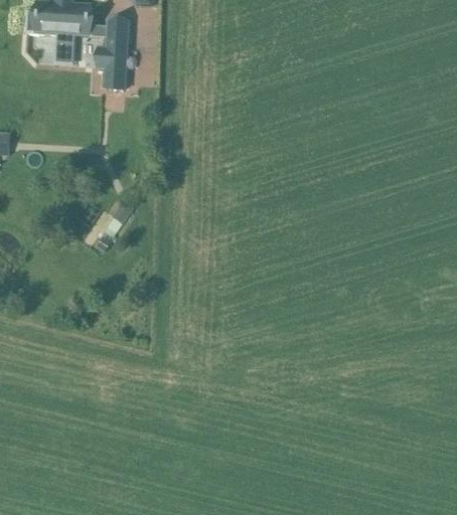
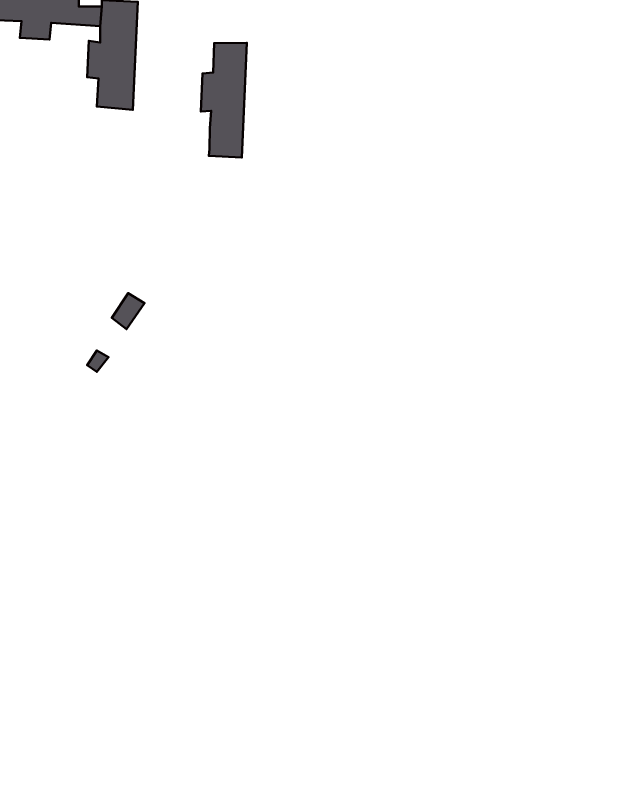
building: none -> [201,43,247,157]

